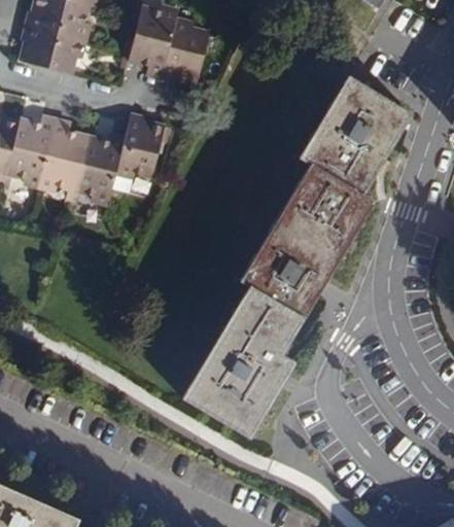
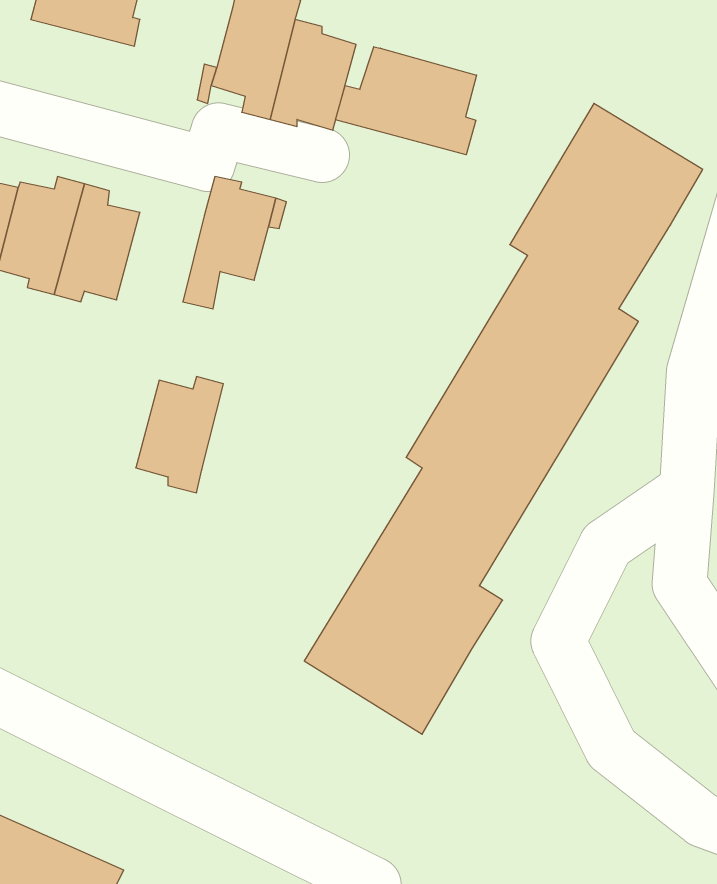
building: [21,27,84,76] -> none
building: none -> [336,47,477,155]
building: [74,136,125,203] -> [136,377,223,493]

